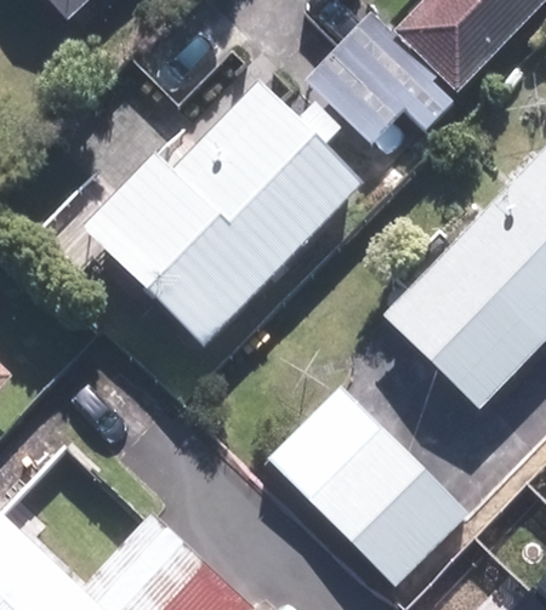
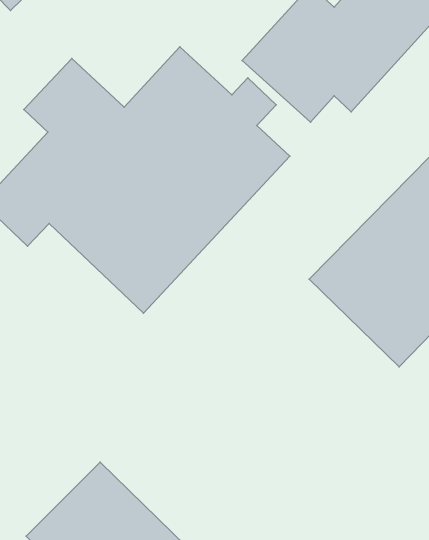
building: [272,384,470,582] -> none

